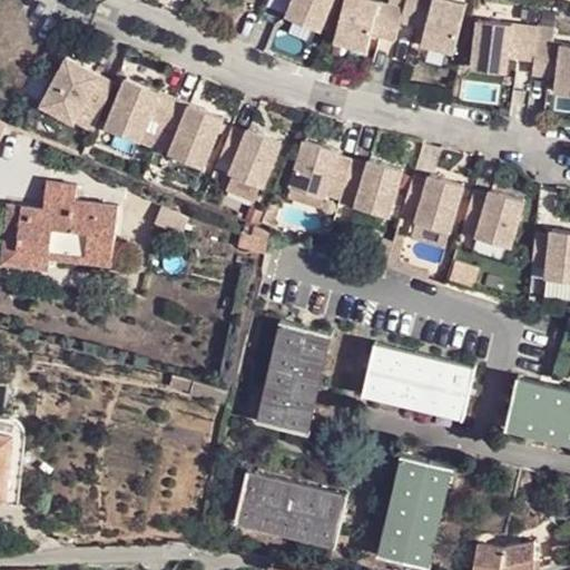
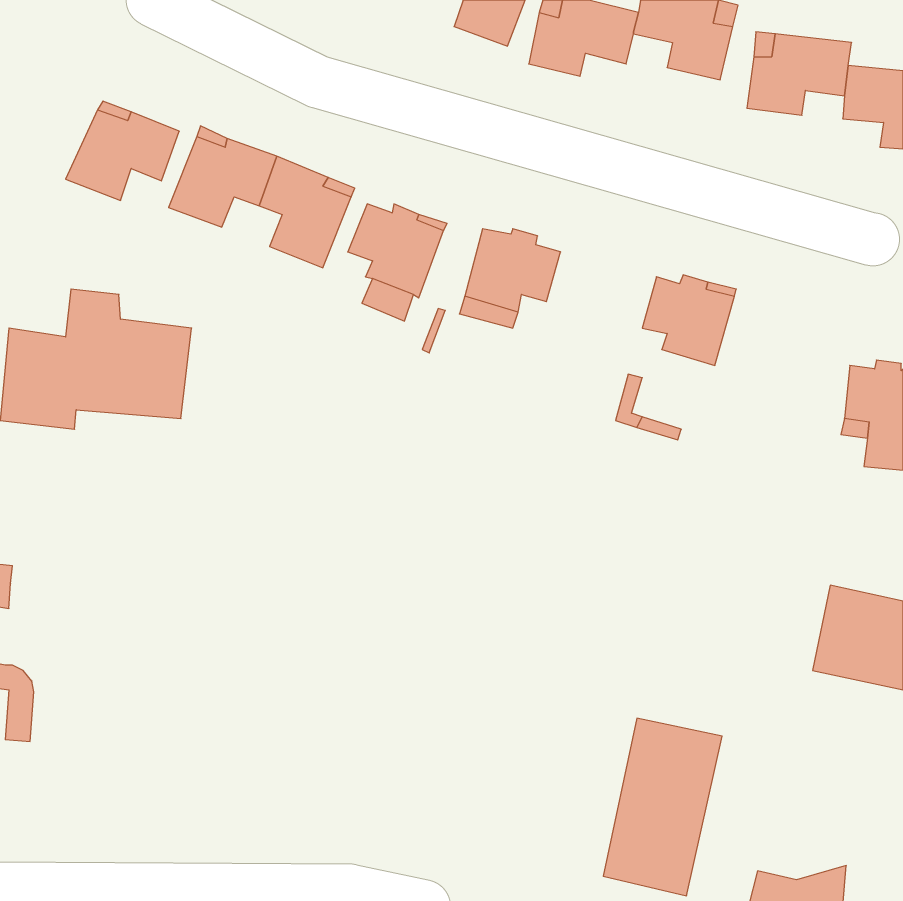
building: [343,160,401,217] -> none
building: [464,190,522,247] -> none
building: [256,320,331,433] -> none
building: [362,340,476,415] -> none
building: [235,472,346,546] -> none

